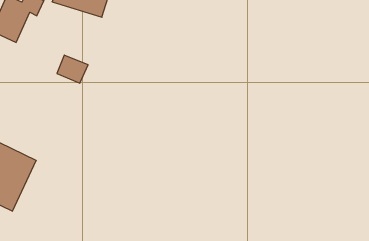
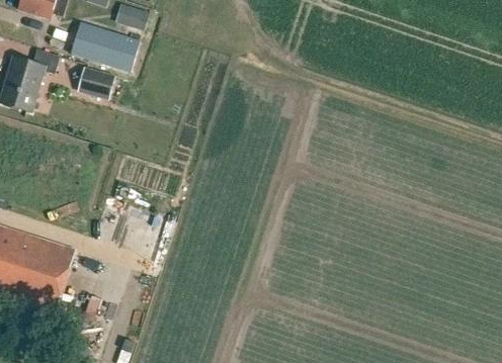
building: [57,55,88,83] -> [79,63,115,94]

